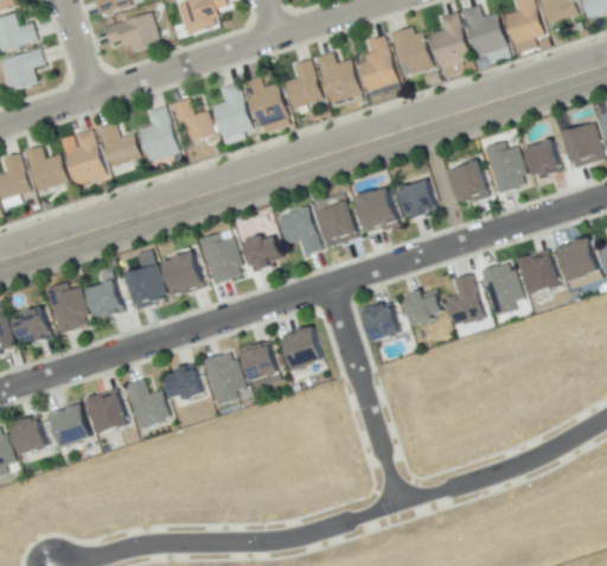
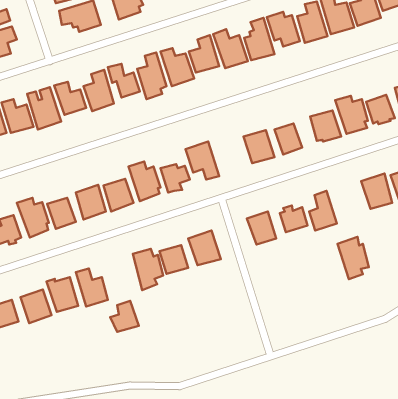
building: [317,201,360,247] -> none
building: [480,259,523,317] -> [338,237,369,279]
building: [165,361,204,403] -> [110,301,139,332]

